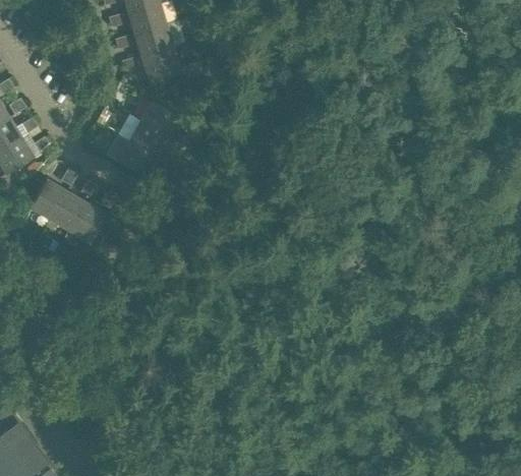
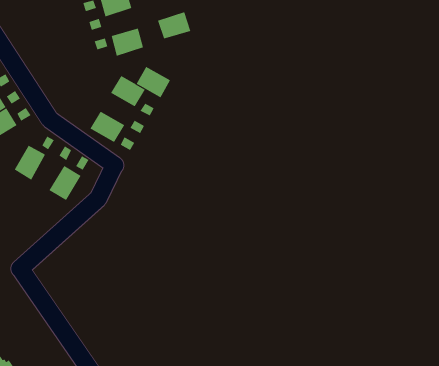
building: [131,22,170,54] -> [157,11,191,39]
building: [126,119,166,156] -> [136,66,171,98]
building: [48,189,84,230] -> none

